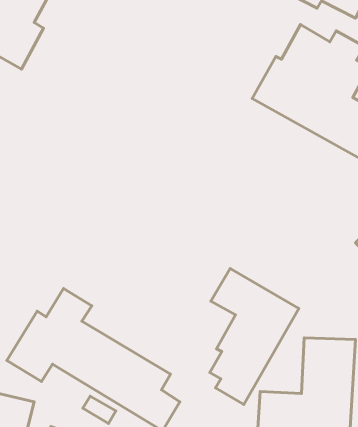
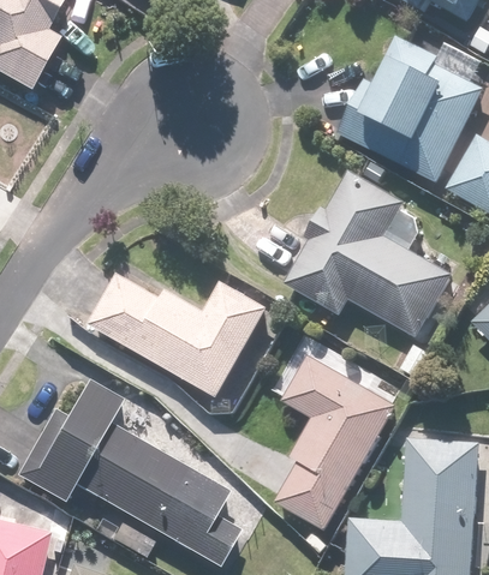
building: none -> [287,172,453,339]
building: none -> [90,270,274,402]

